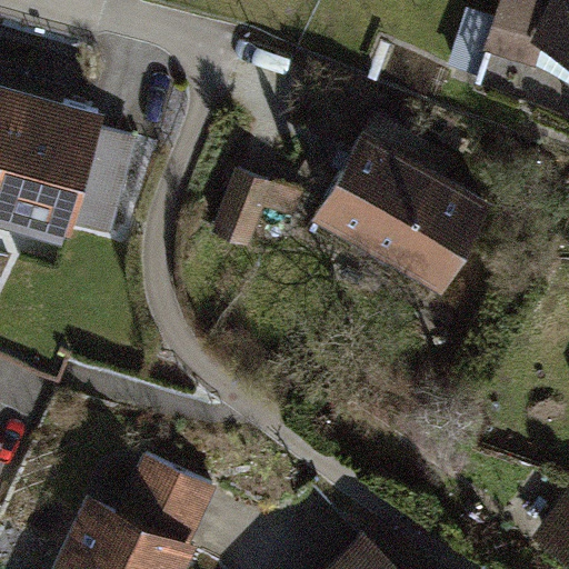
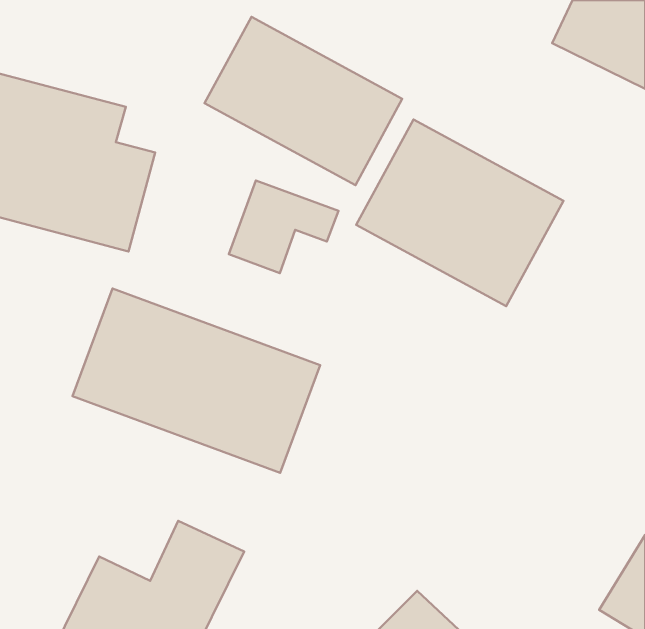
building: none -> [204,17,402,185]
building: none -> [72,288,320,473]

